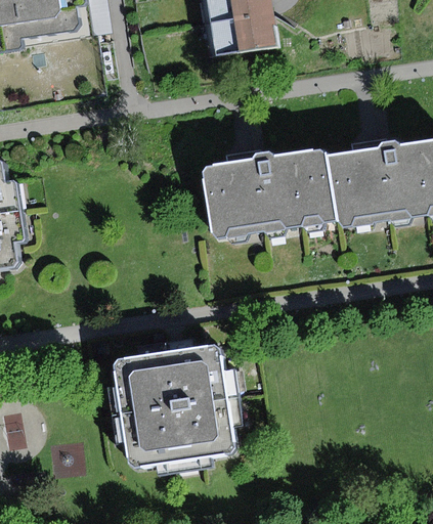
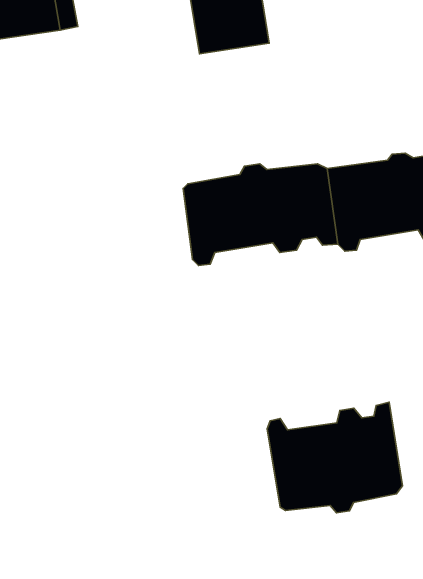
building: [113,343,234,466] -> none
building: none -> [267,402,403,513]

